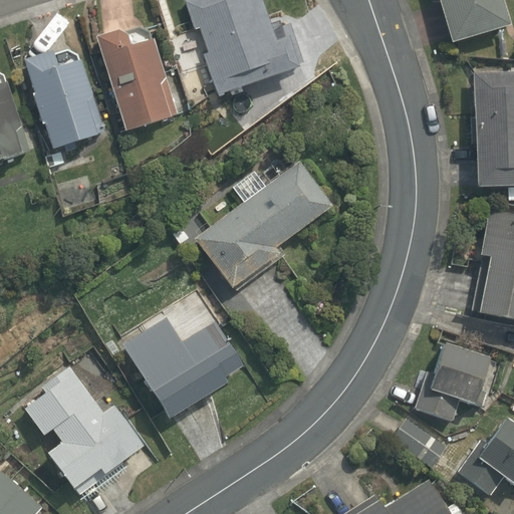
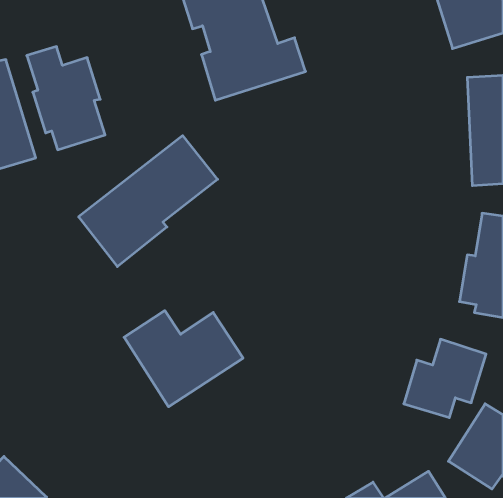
building: [96,28,179,137] -> none
building: [194,158,334,290] -> [79,136,218,267]
building: [19,364,149,492] -> none
building: [387,416,447,469] -> none

